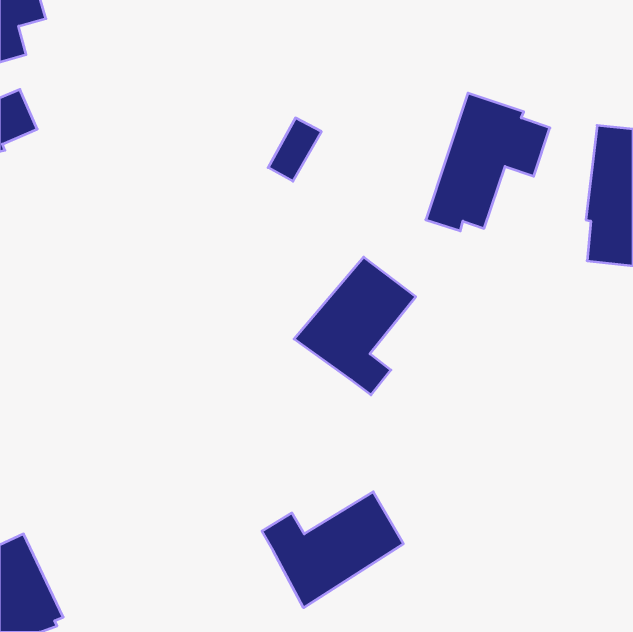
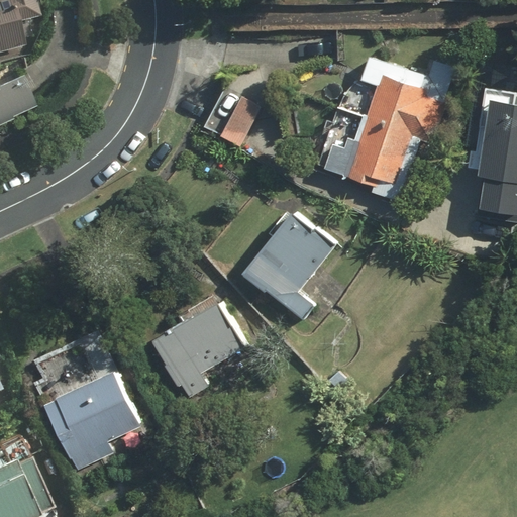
building: none -> [149,299,250,400]
building: none -> [41,370,143,472]
building: [262,492,403,608] -> none

